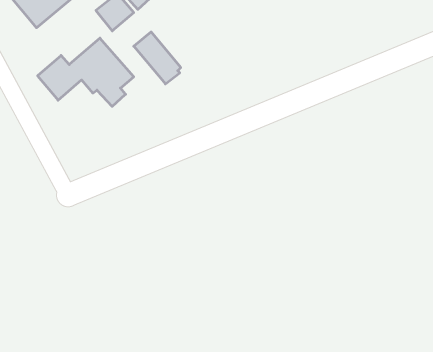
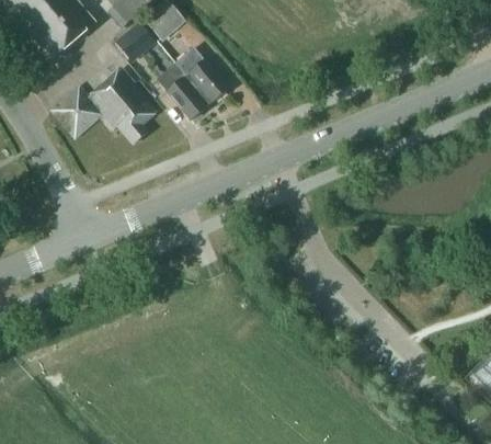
building: none -> [174,47,228,102]

